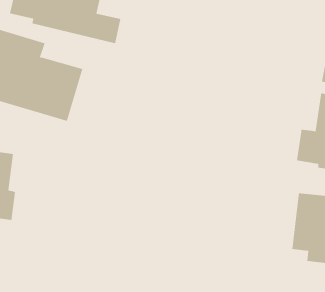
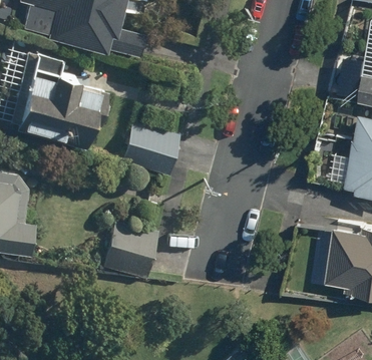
building: none -> [121,124,181,176]
building: none -> [104,222,156,281]

